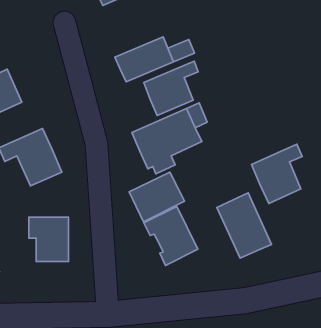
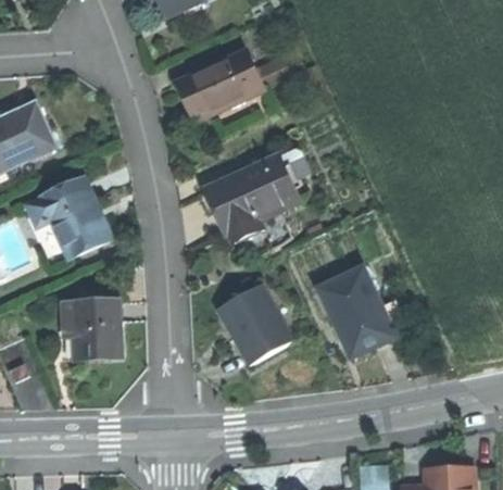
building: [144,61,198,115] -> none
building: [251,144,302,203] -> none
building: [129,172,184,222] -> none

